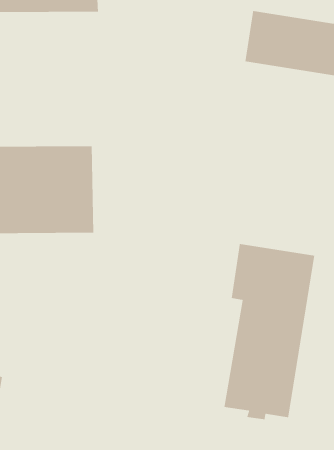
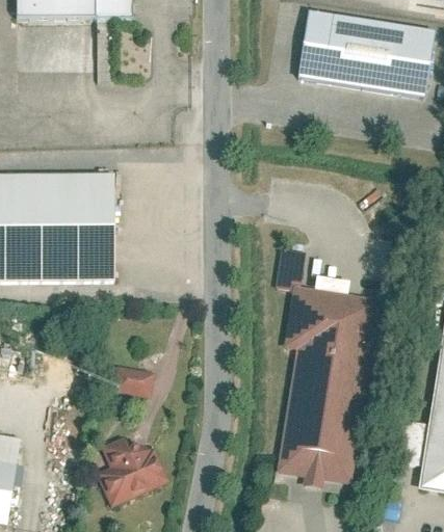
building: none -> [116,365,160,398]
building: none -> [98,438,166,505]

